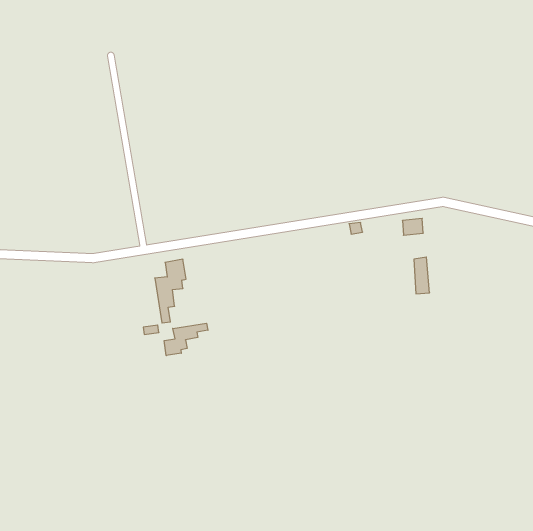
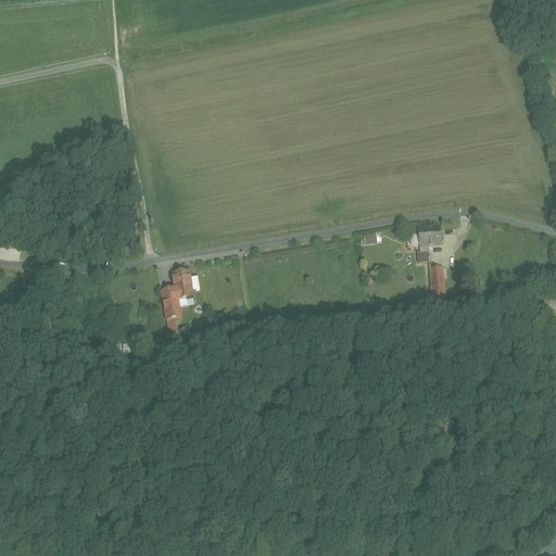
building: [164,323,208,356] -> none

